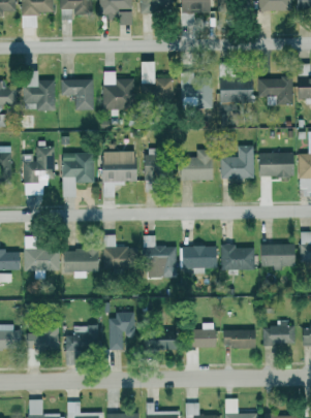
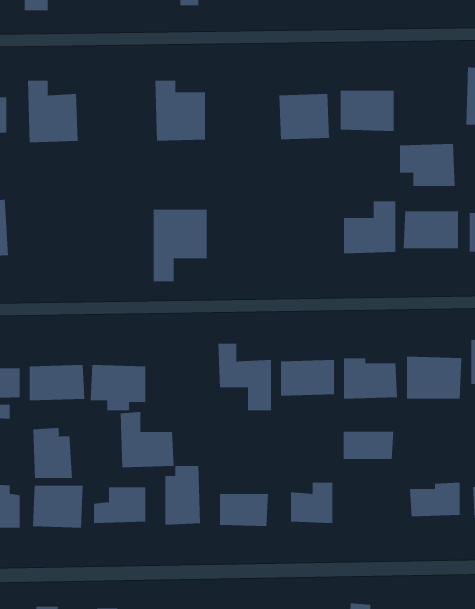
building: [141,61,174,99] -> none
building: [259,77,294,104] -> [399,143,456,186]
building: [61,78,95,110] -> none
building: [24,147,55,184] -> none
building: [180,149,213,181] -> none
building: [62,153,95,197] -> none
building: [144,155,172,181] -> none
building: [102,234,136,269] -> [120,412,174,468]
building: none -> [33,427,73,479]
building: [223,329,255,347] -> [343,431,394,459]

